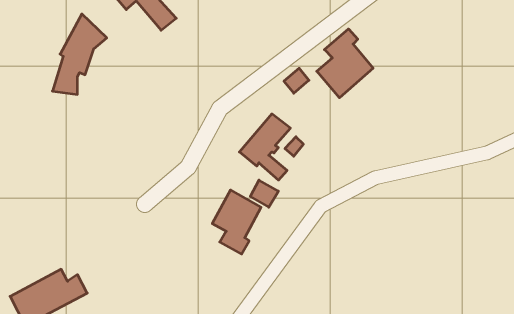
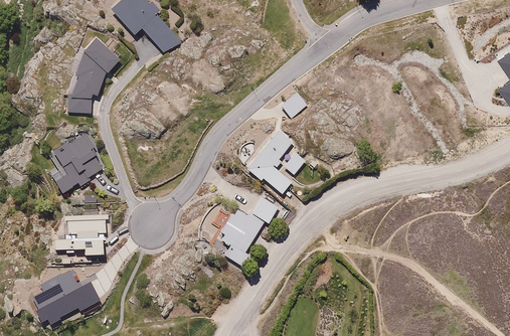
building: [317,29,373,98] -> none
building: none -> [52,131,104,191]
building: none -> [57,221,106,254]

